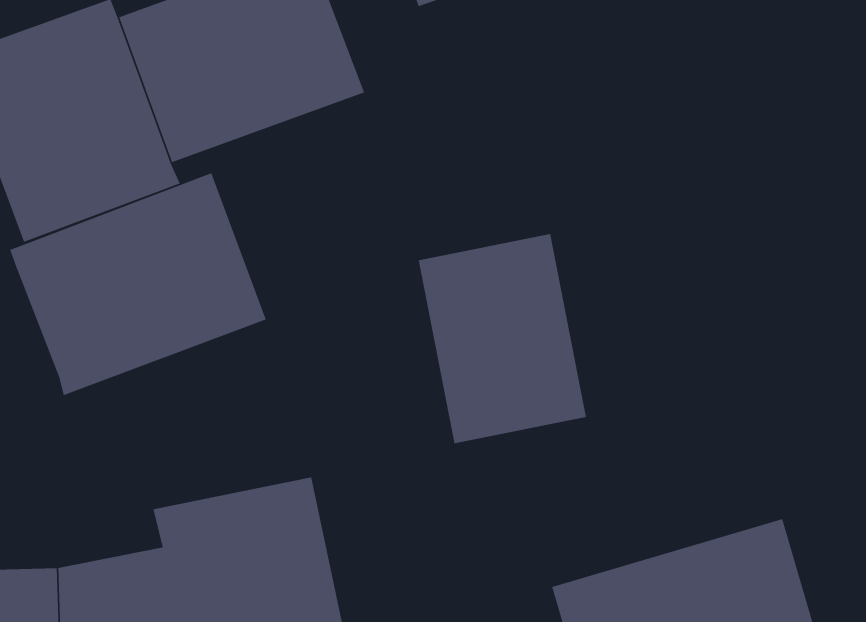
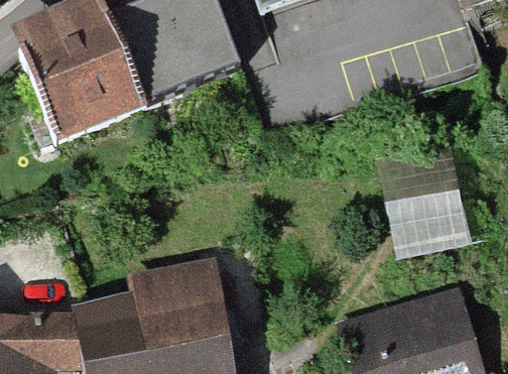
building: [9,172,267,396] -> none
building: [418,233,587,444] -> [380,140,470,252]

